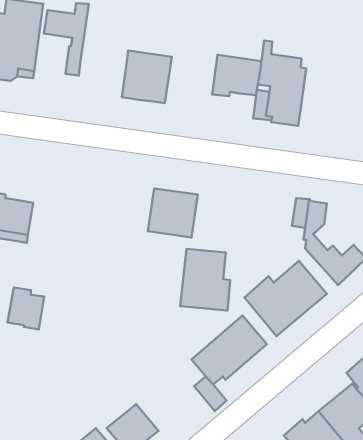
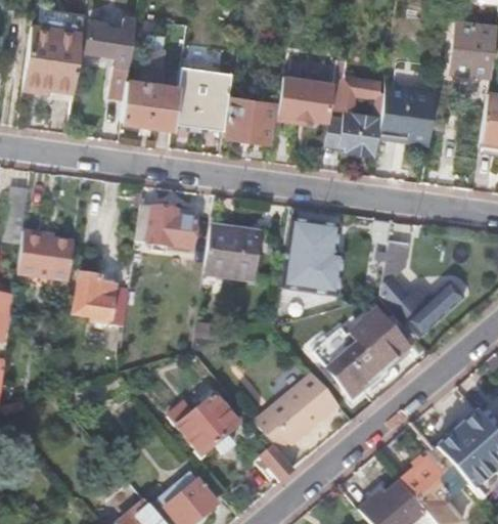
building: none -> [123,47,179,127]
building: none -> [379,84,437,139]
building: none -> [227,97,276,141]
building: none -> [136,204,197,248]
building: [180,249,230,311] -> [286,220,344,291]
building: [8,288,44,330] -> [74,274,116,322]
building: none -> [169,390,239,454]

